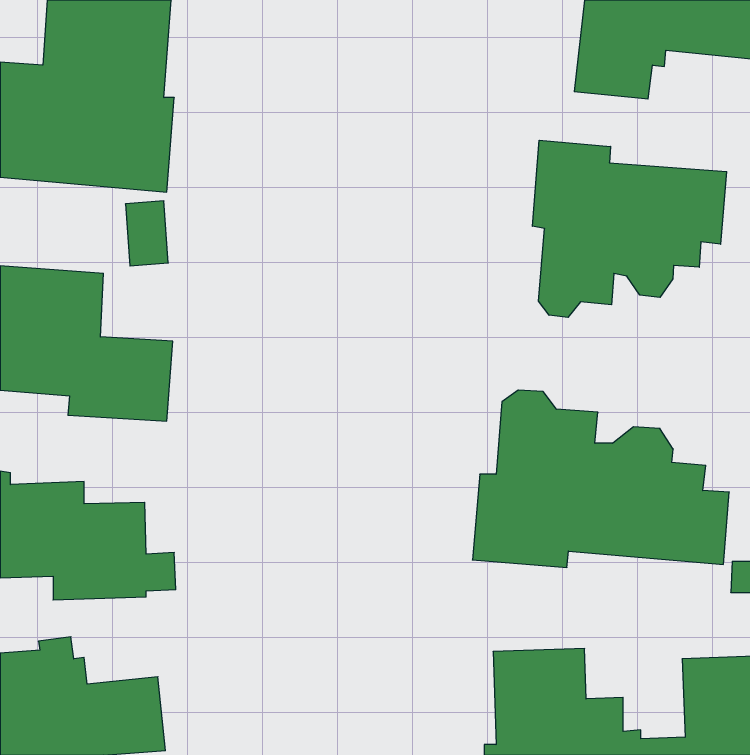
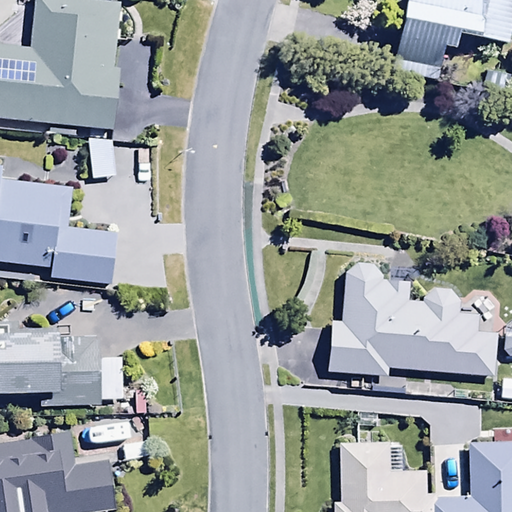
building: [532,140,727,317] -> none

